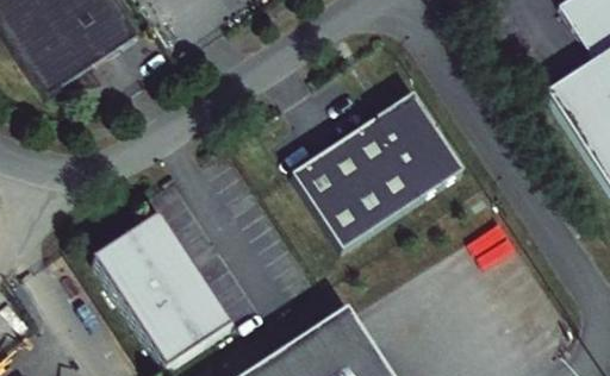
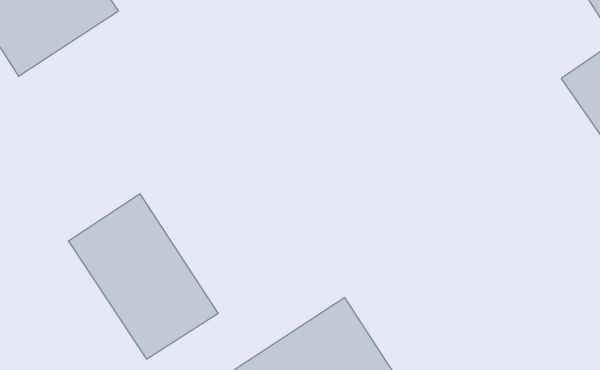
building: [292,99,463,255] -> none

